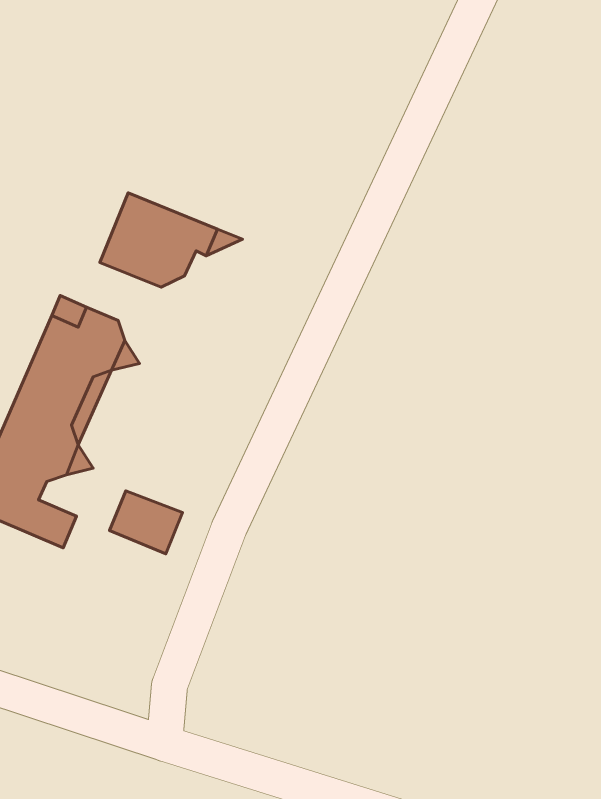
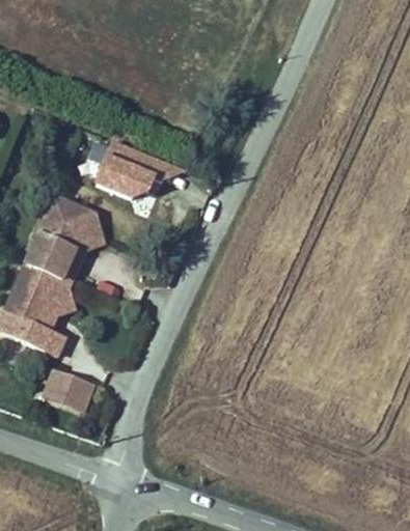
building: [109,491,182,554] -> [47,371,92,411]

